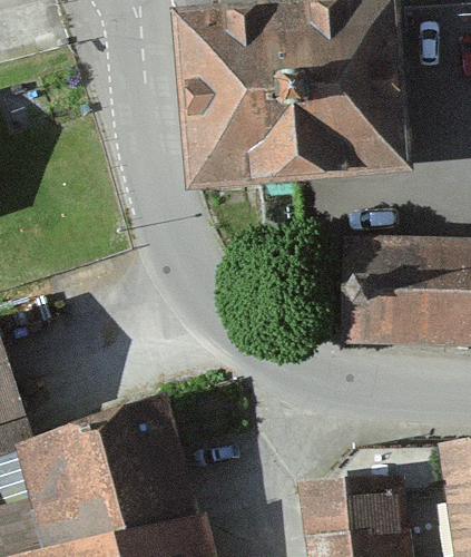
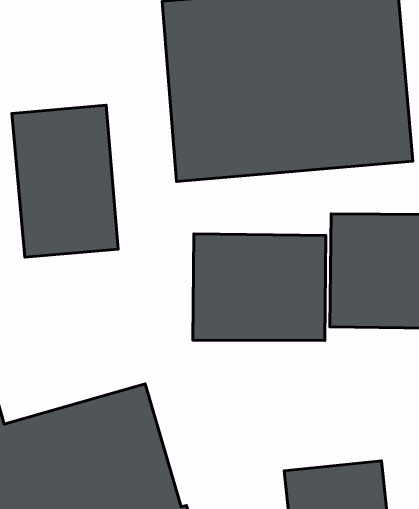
building: none -> [12,105,118,257]
building: none -> [193,234,326,341]

